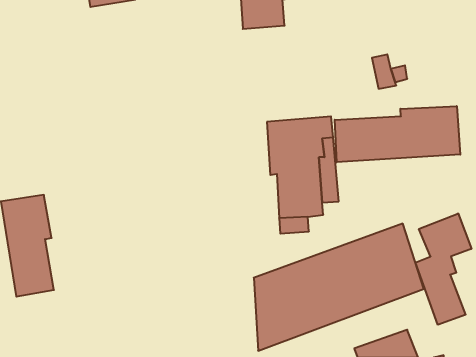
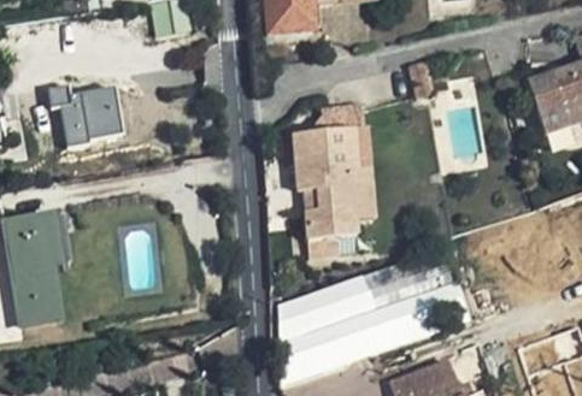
building: none -> [53,77,125,142]
building: [335,106,460,162] -> none
building: [415,213,471,325] -> none

